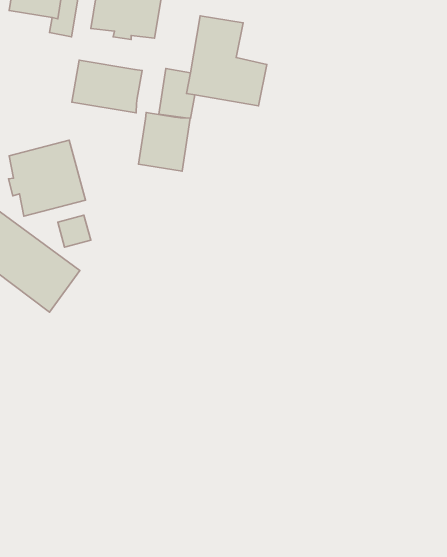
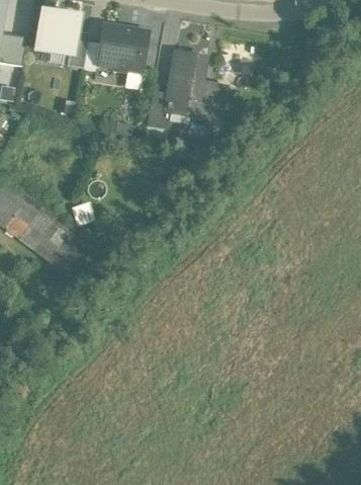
building: [72,60,142,113] -> none
building: [139,113,190,171] -> none
building: [8,140,86,216] -> none

